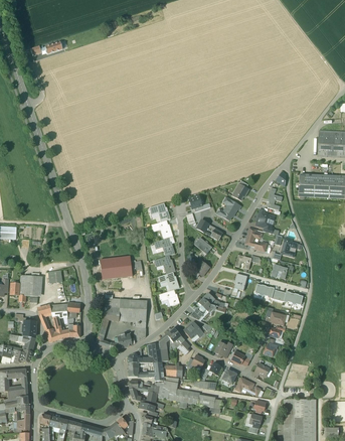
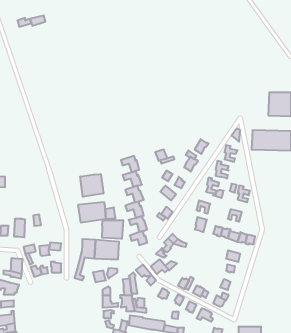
building: none -> [80,174,103,197]
building: none -> [102,220,123,239]

